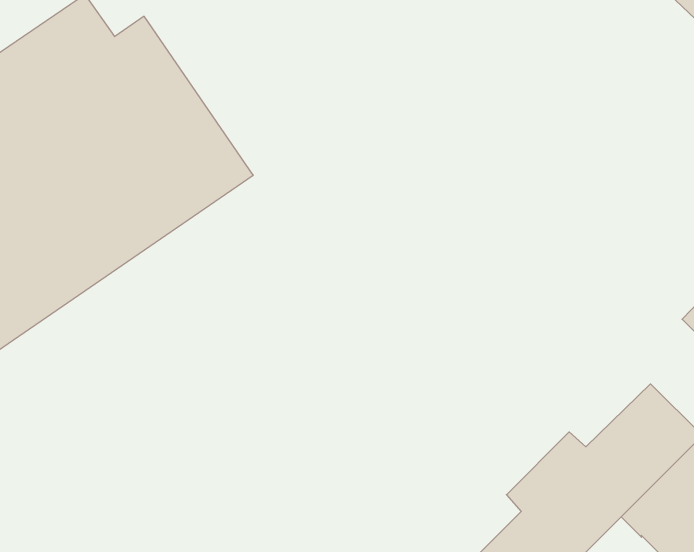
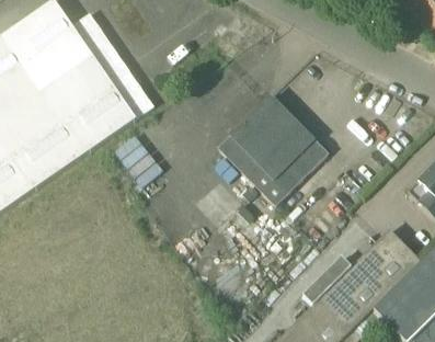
building: none -> [211,100,328,206]

